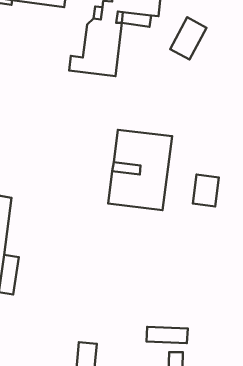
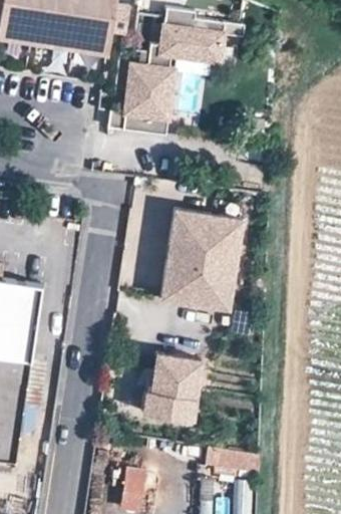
building: [170,17,207,60] -> none
building: [193,174,219,206] -> none
building: none -> [137,349,196,416]

